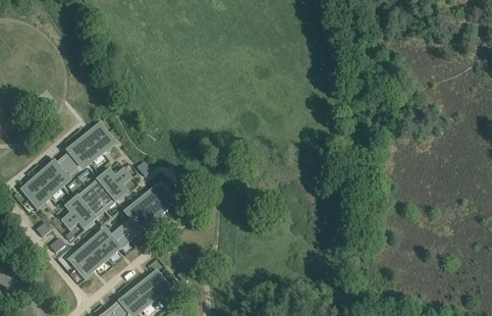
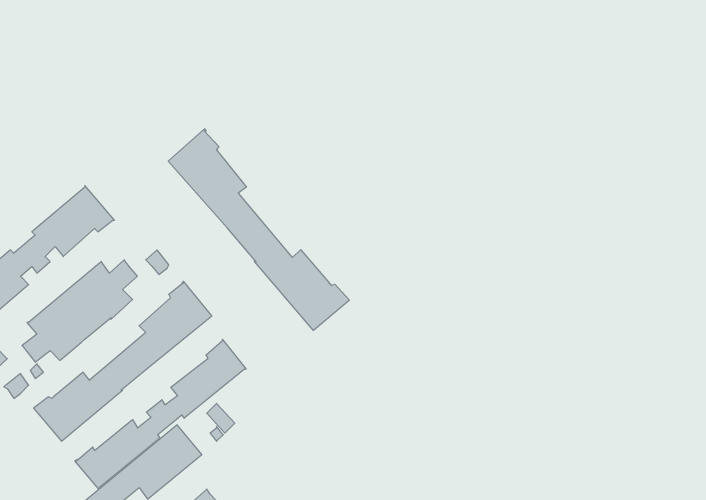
building: none -> [168,129,349,330]
building: none -> [75,339,246,489]

